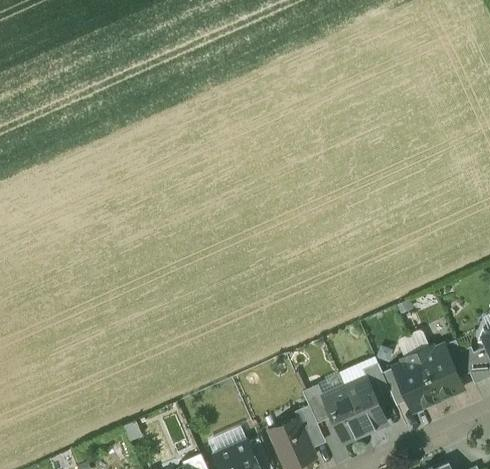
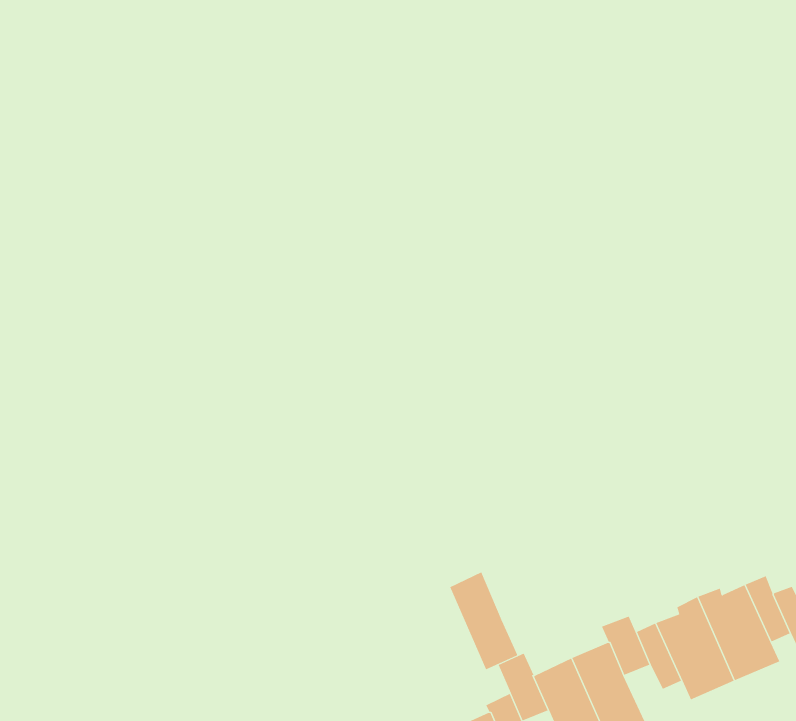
building: none -> [449,571,518,670]

